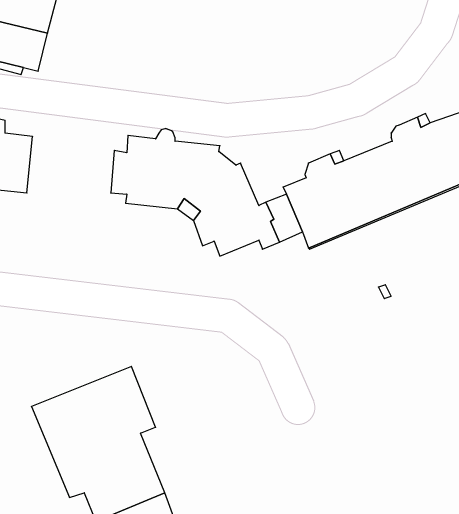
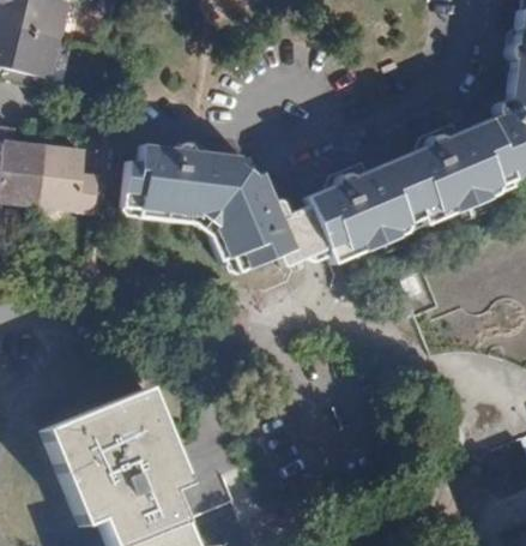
building: none -> [41,145,103,211]

